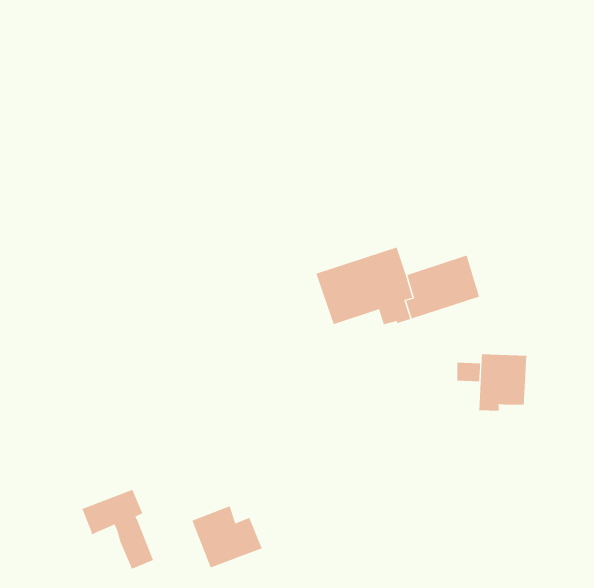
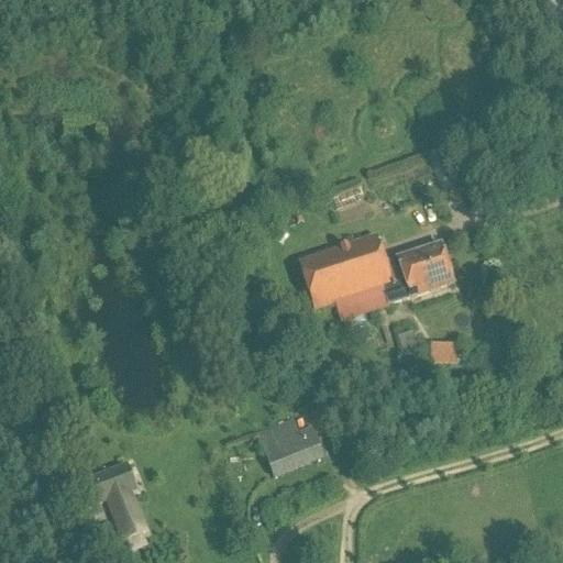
building: [479,353,527,412] -> none
building: [192,505,263,568] -> [256,416,323,475]

